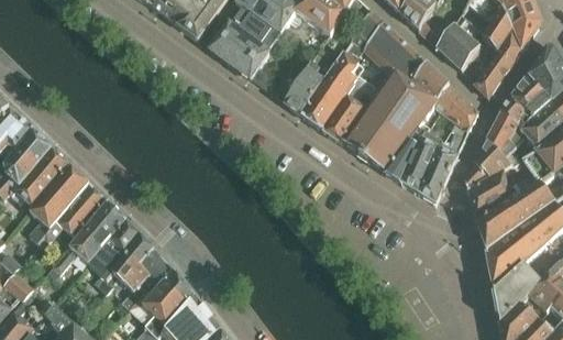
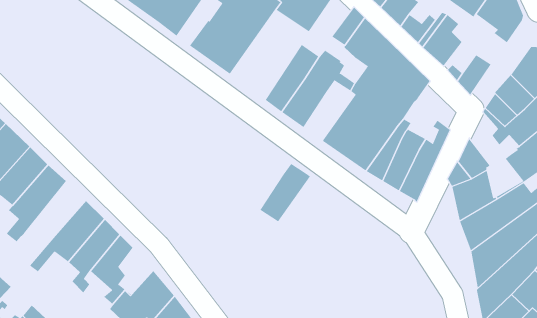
building: [481,18,525,67] -> none
building: [433,83,477,132] -> none
building: [323,84,374,142] -> [260,163,311,222]
building: [487,114,528,167] -> none
building: [44,183,108,241] -> none
building: [141,249,175,295] -> none

